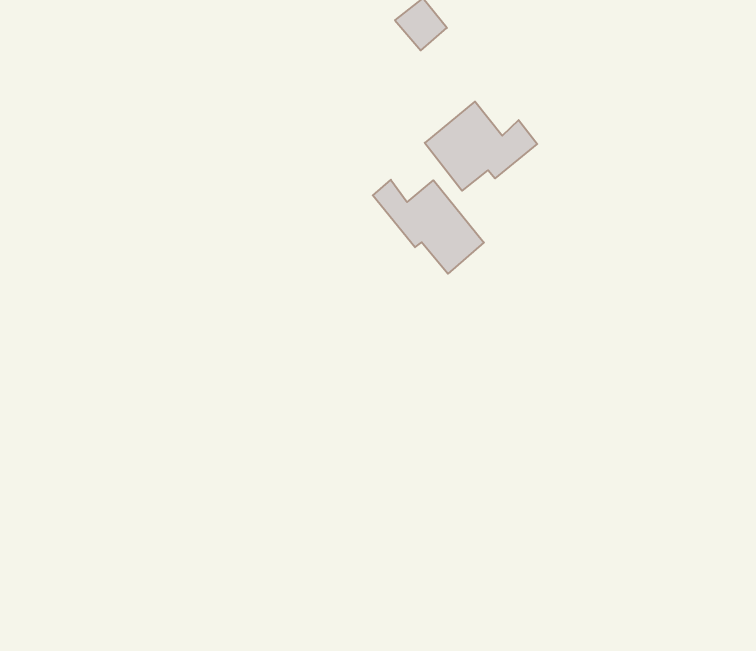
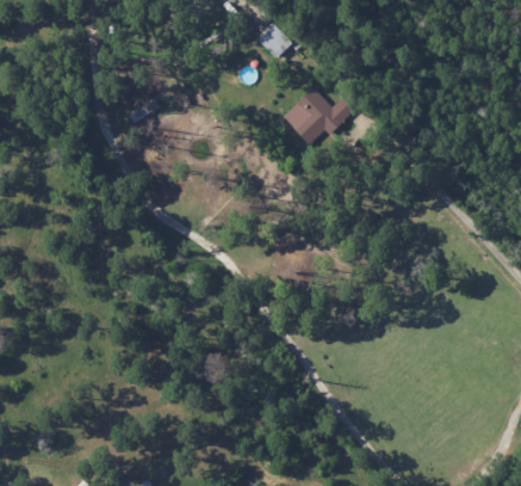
building: [373,180,484,274] -> none

